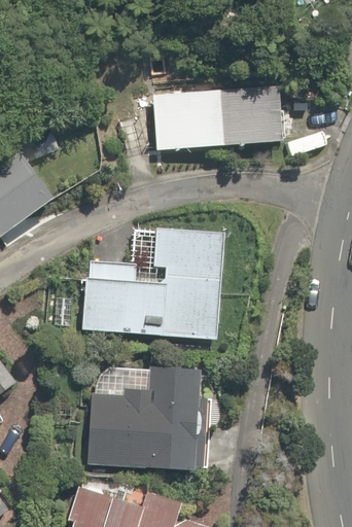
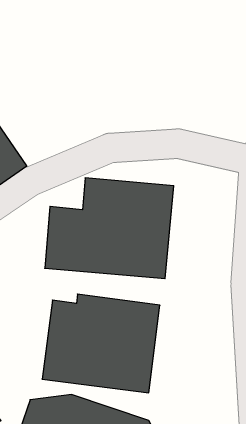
building: [133,76,282,156] -> none

